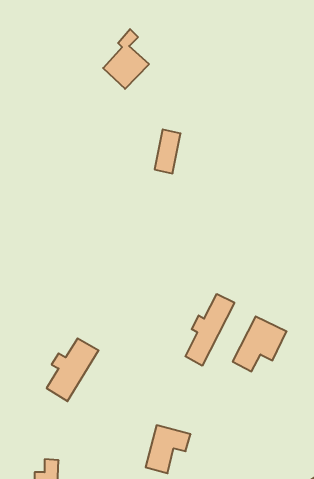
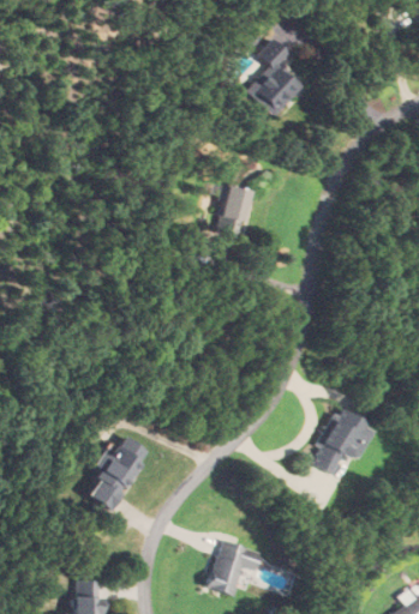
building: [103,29,149,89] -> [247,43,303,115]
building: [185,294,234,366] -> none

